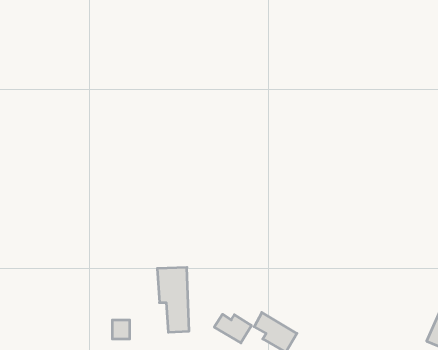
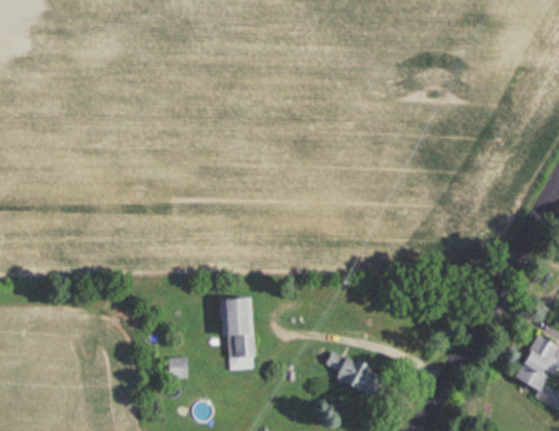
building: [214,314,251,343] -> none

